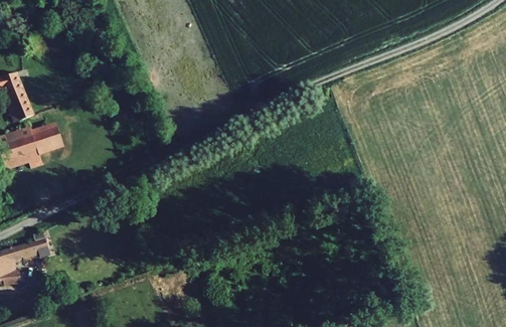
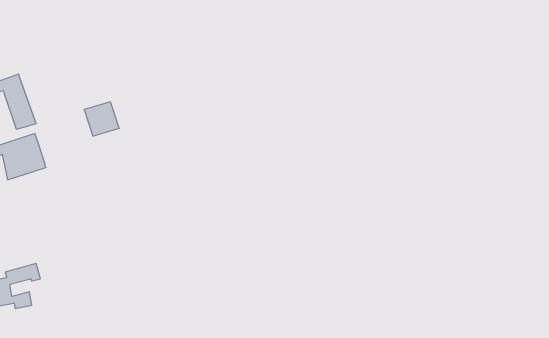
building: [34,123,66,154] -> [84,102,119,136]

